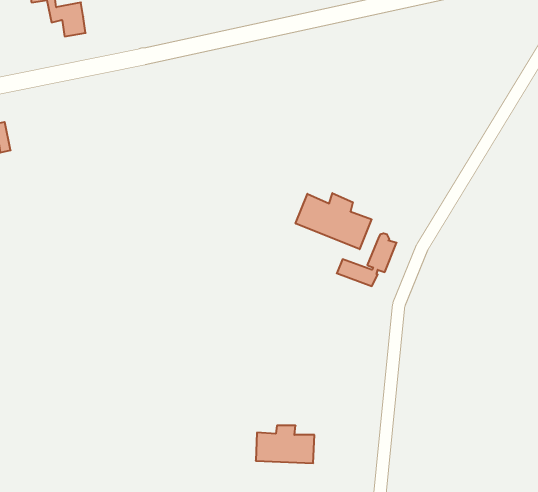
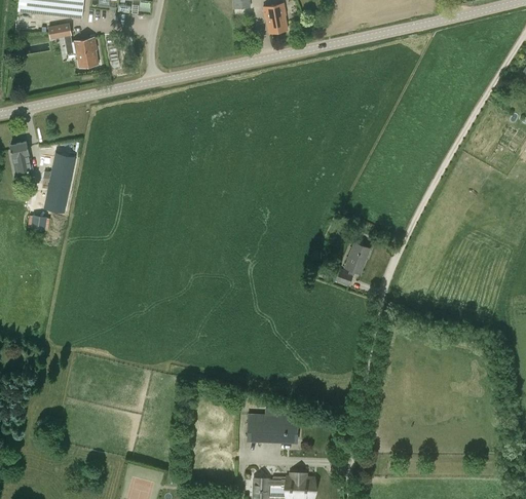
building: none -> [43,151,75,210]
building: [296,193,372,249] -> none

